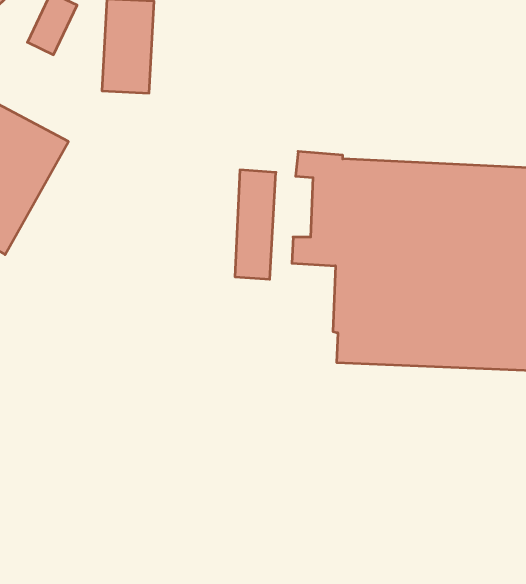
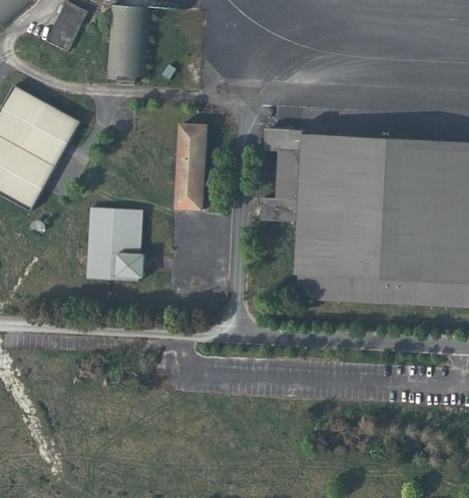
building: [235,170,276,279] -> [174,122,207,210]
building: none -> [86,207,144,281]

